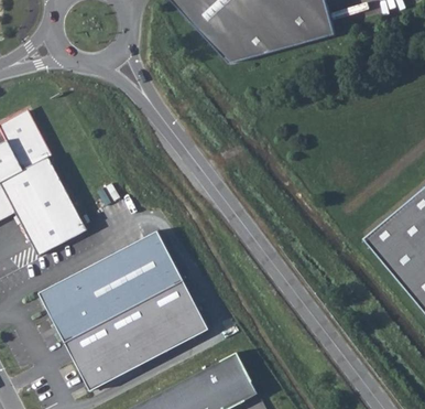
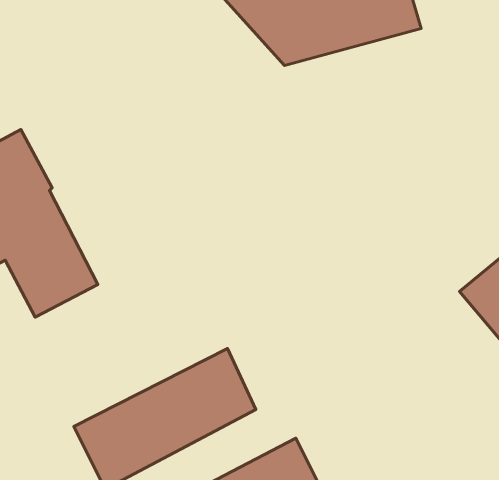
building: [39,232,184,343] -> none

